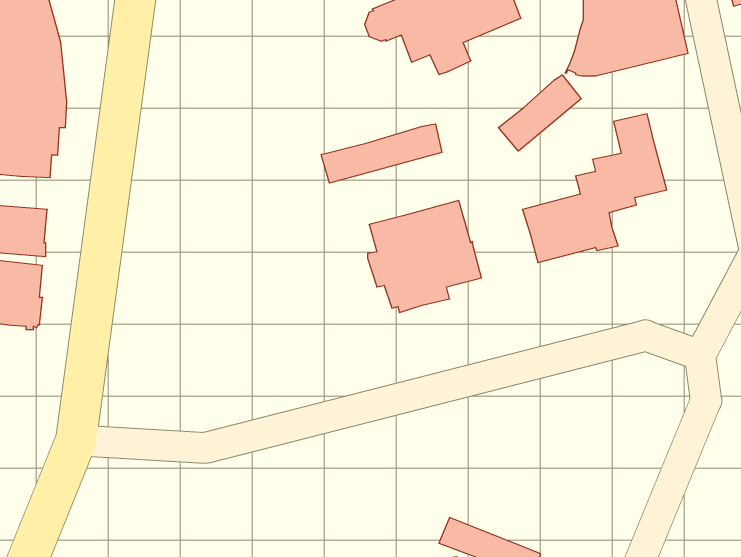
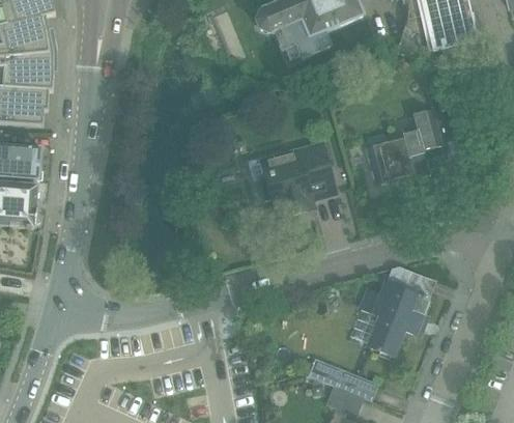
building: [498,75,581,151] -> none
building: [321,124,442,183] -> none
building: none -> [359,264,431,355]

